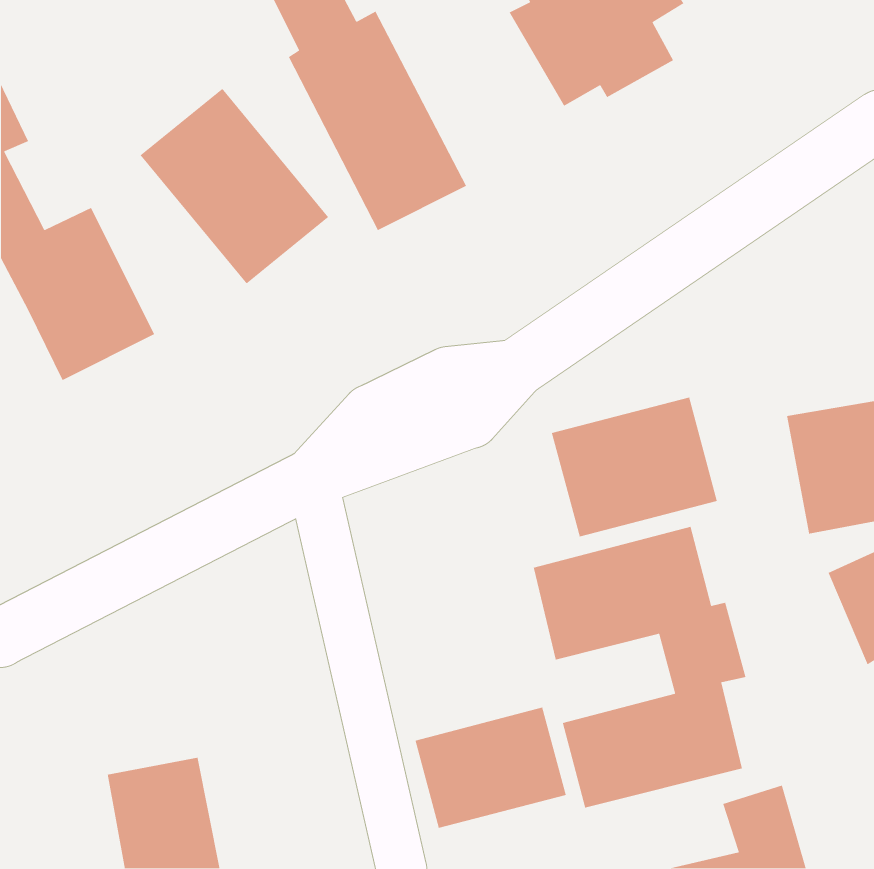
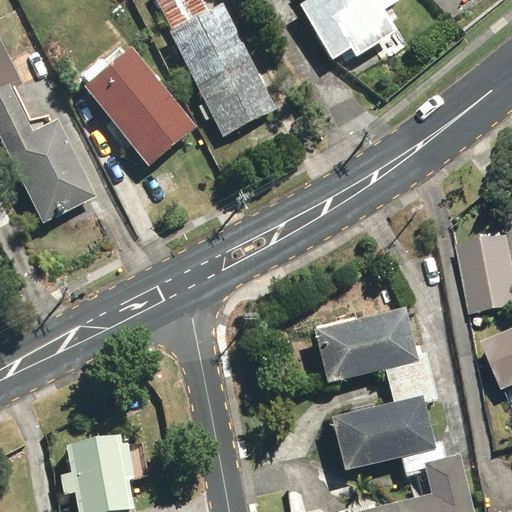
building: [551,396,718,537] -> none
building: [414,707,567,829] -> none

